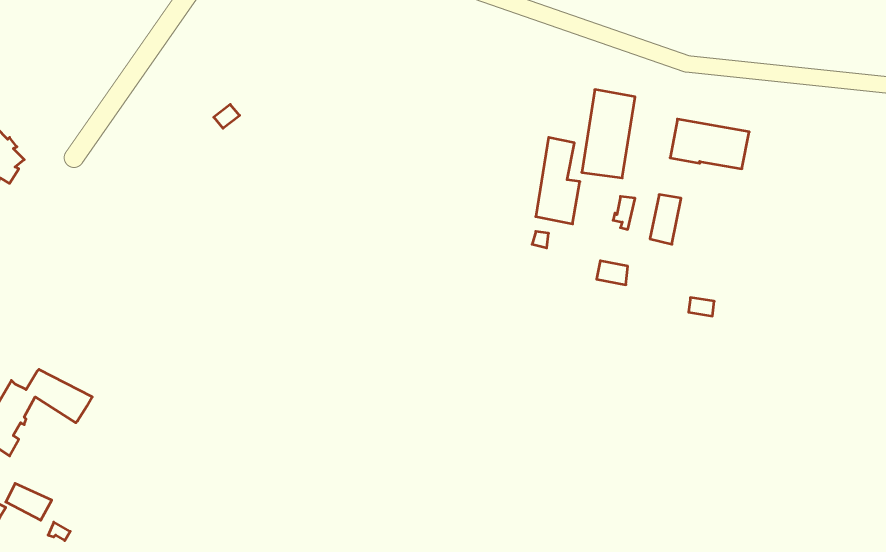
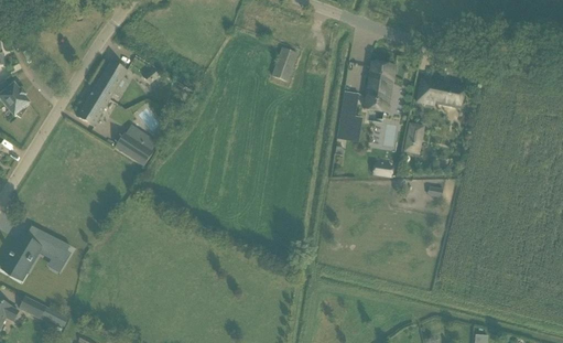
building: none -> [272,46,297,81]
building: none -> [77,60,127,125]
building: none -> [115,124,154,164]

